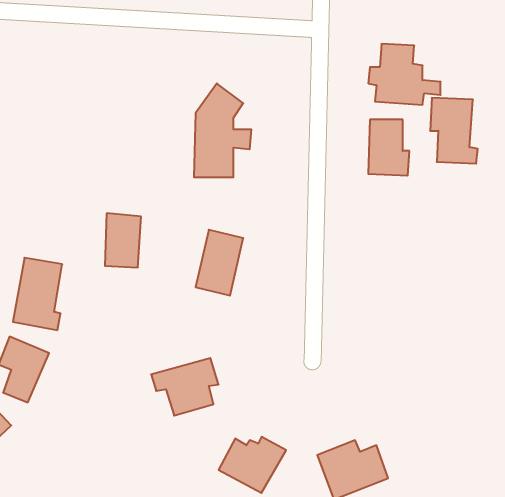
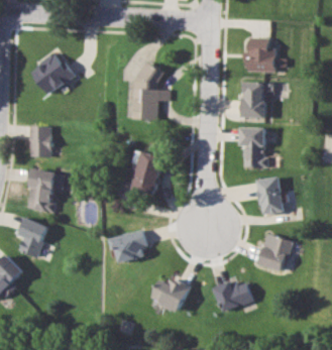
building: none -> [34,50,79,96]
building: [430,98,478,164] -> [239,126,268,166]
building: [105,213,141,267] -> [29,124,51,157]
building: none -> [256,176,285,214]
building: none -> [257,233,292,272]

